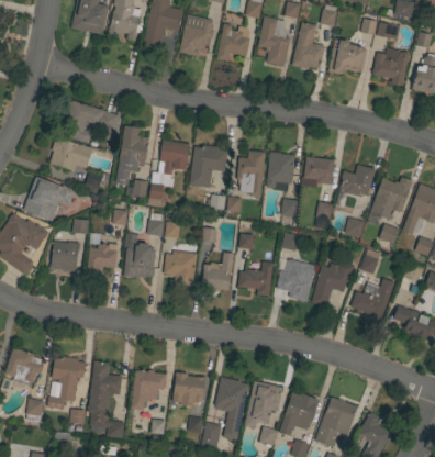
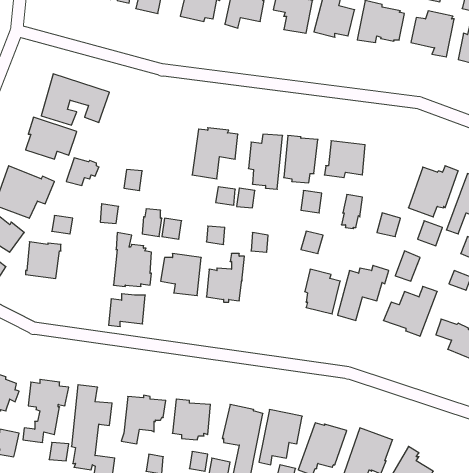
building: [116,125,149,185] -> none
building: [148,140,190,207] -> none
building: [338,165,376,198] -> none
building: [88,243,119,270] -> [109,294,145,326]
building: [238,261,274,296] -> none

